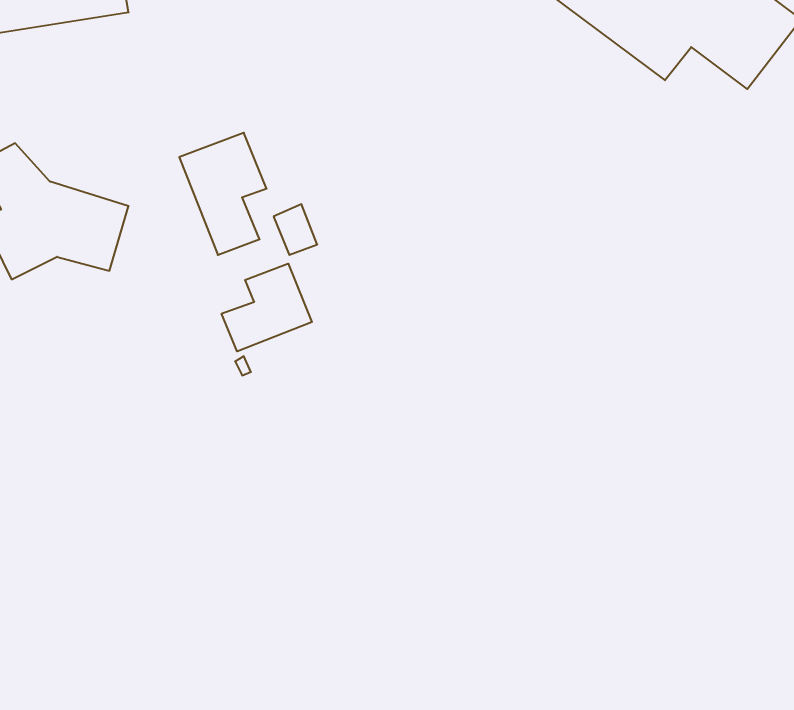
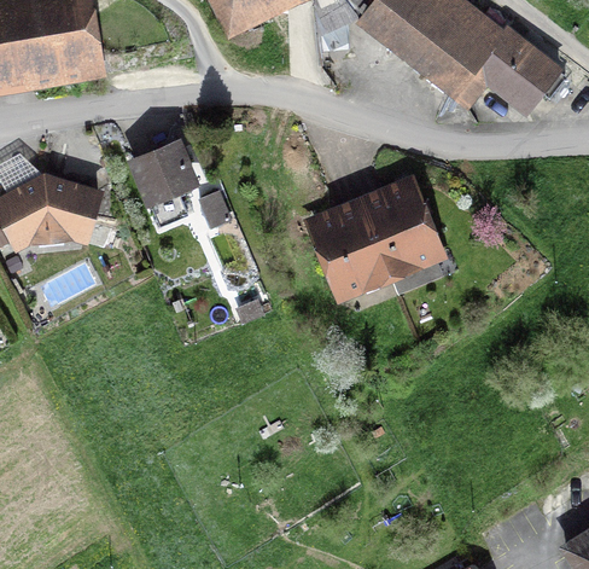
building: none -> [315,187,441,297]
building: [222,264,312,351] -> none

